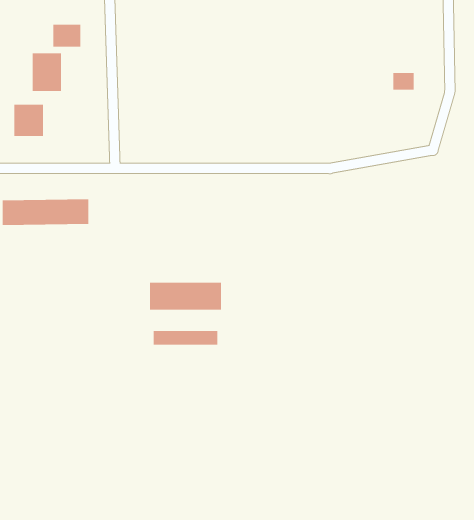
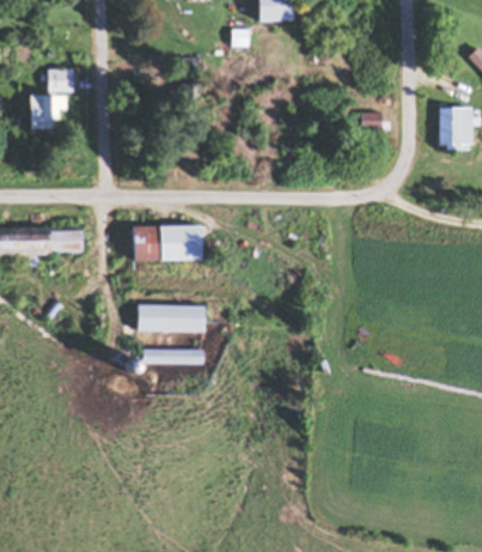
building: [14,104,44,137] -> none
building: none -> [132,226,200,261]

